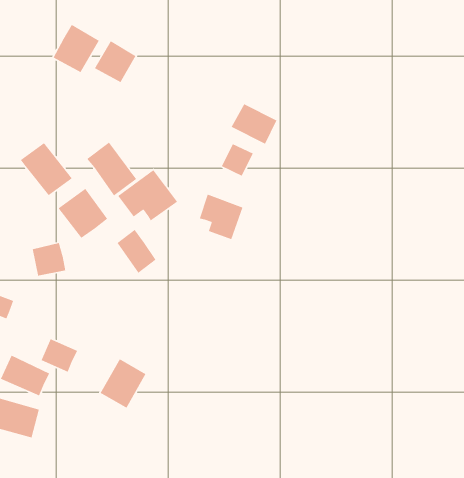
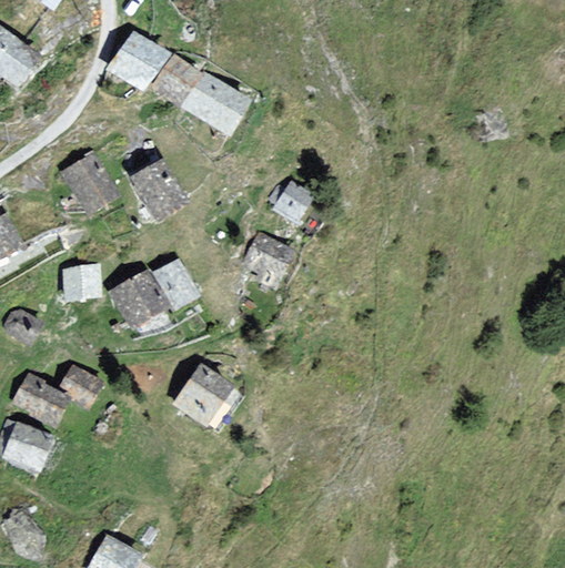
building: none -> [188,75,248,132]
building: [231,103,277,145] -> none
building: [117,169,178,222] -> none
building: [57,188,108,239] -> [111,270,163,323]
building: [100,358,147,409] -> [176,366,229,420]

